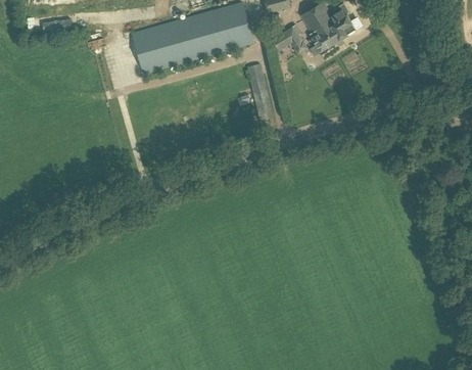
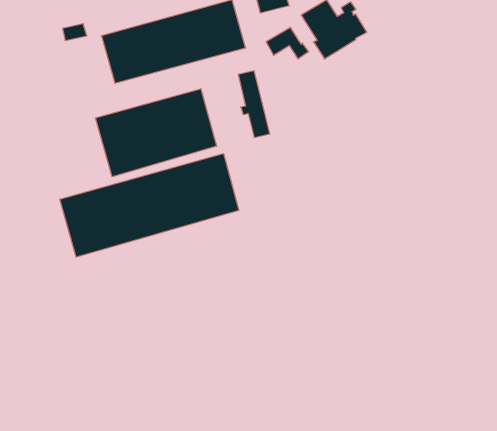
building: none -> [96,89,217,177]
building: none -> [60,154,239,257]

